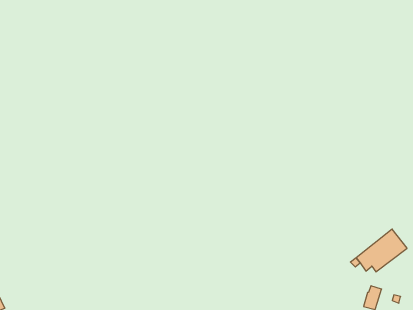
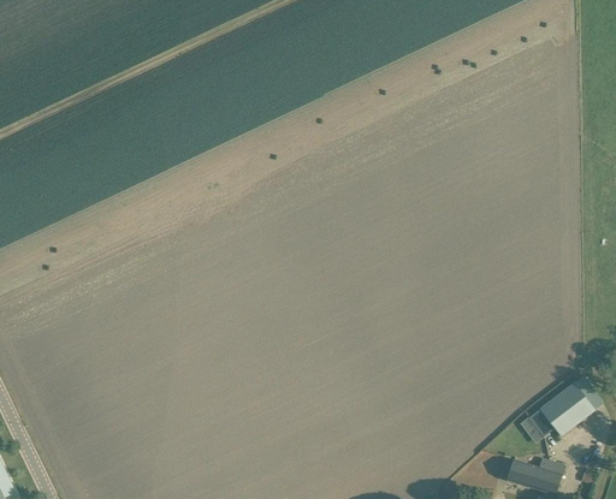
building: none -> [505,457,549,489]

